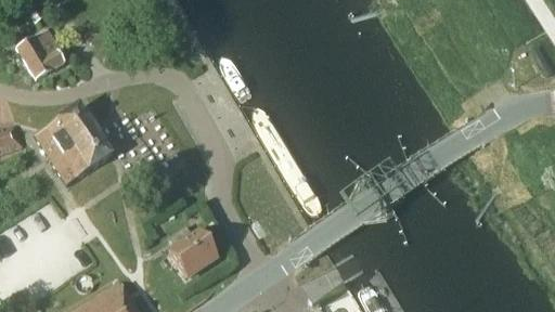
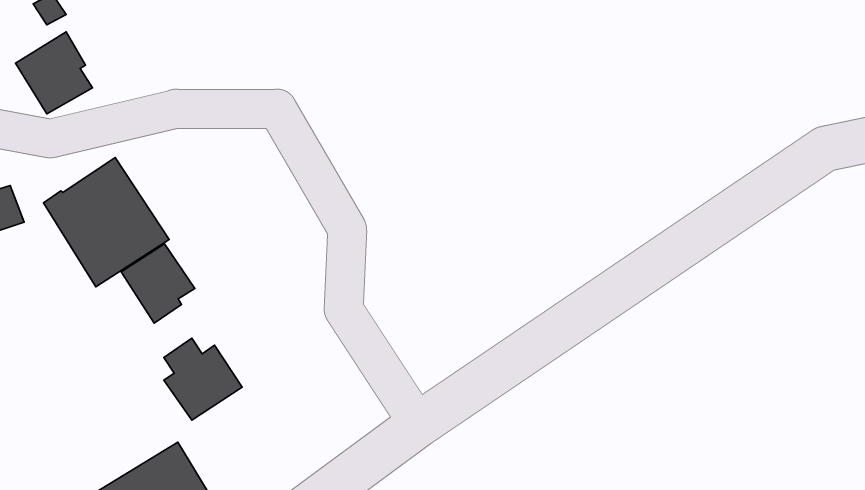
building: none -> [121,244,195,323]
building: [169,225,218,276] -> [164,338,242,420]

